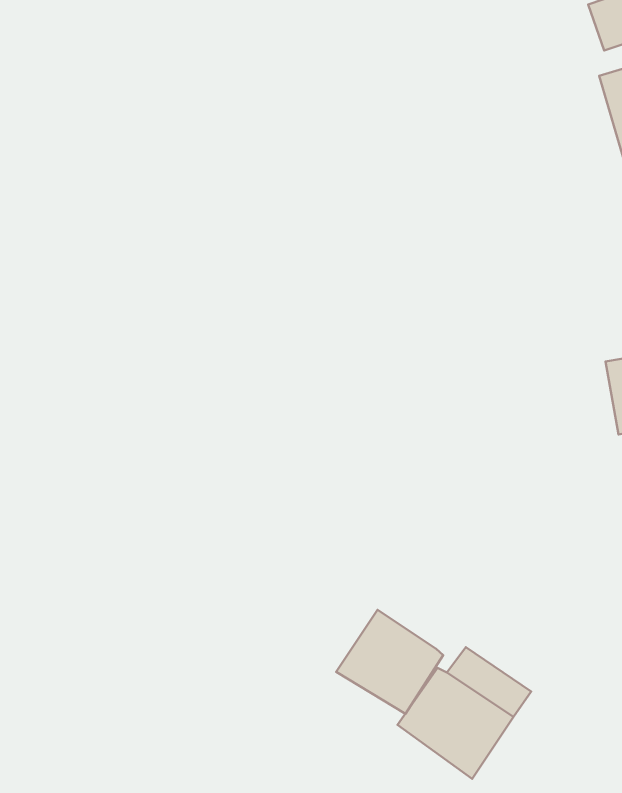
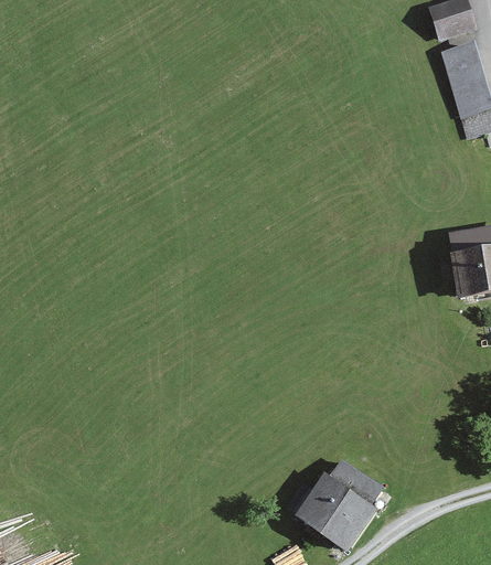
building: [336,610,443,714] -> none

